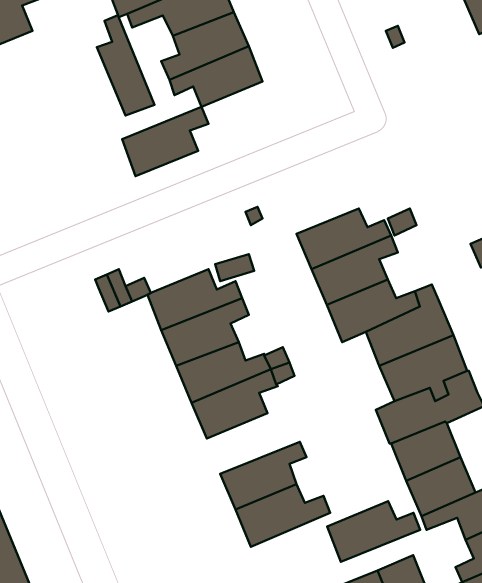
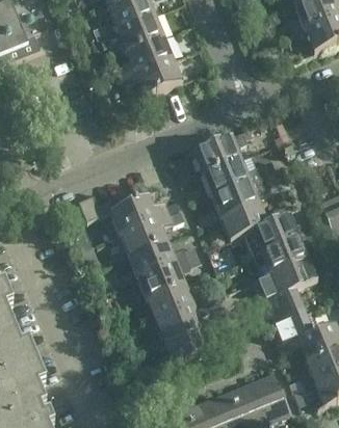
building: [97,15,155,115] -> none
building: [122,107,208,176] -> [194,130,247,172]
building: [327,501,420,562] -> [148,283,205,320]

